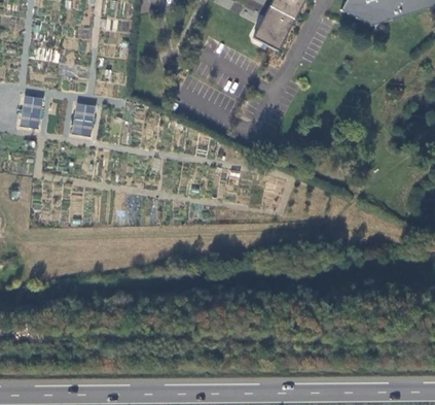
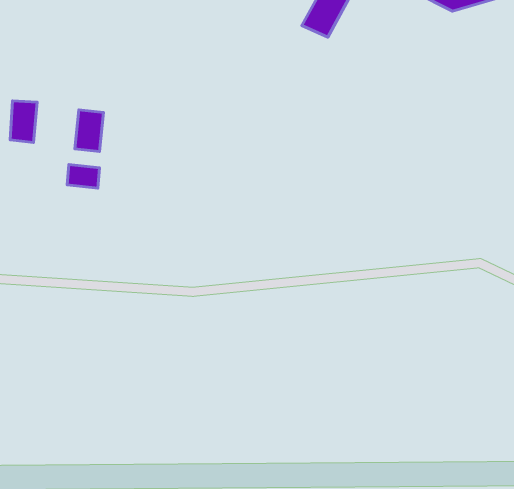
building: none -> [67,165,100,188]

